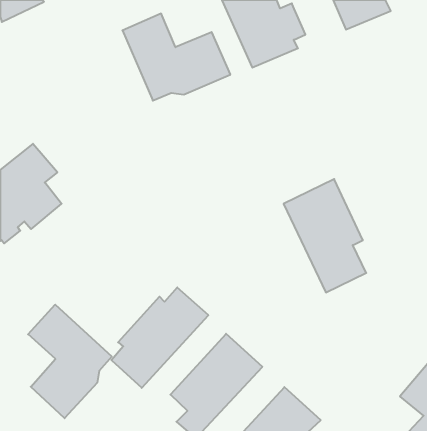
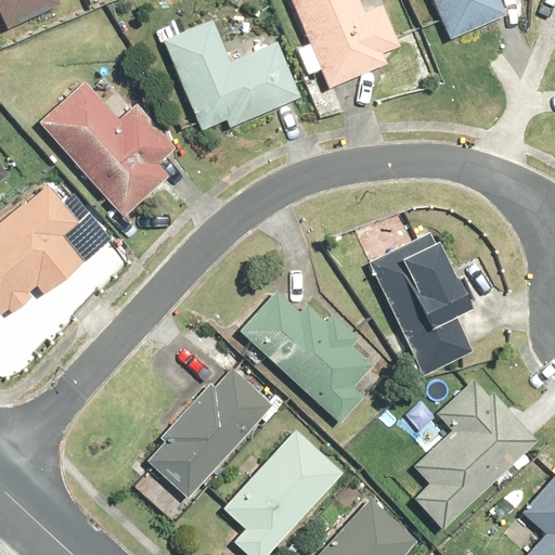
building: none -> [38,81,175,217]
building: none -> [238,288,375,423]
building: none -> [412,378,539,530]
building: [28,305,112,418] -> none

